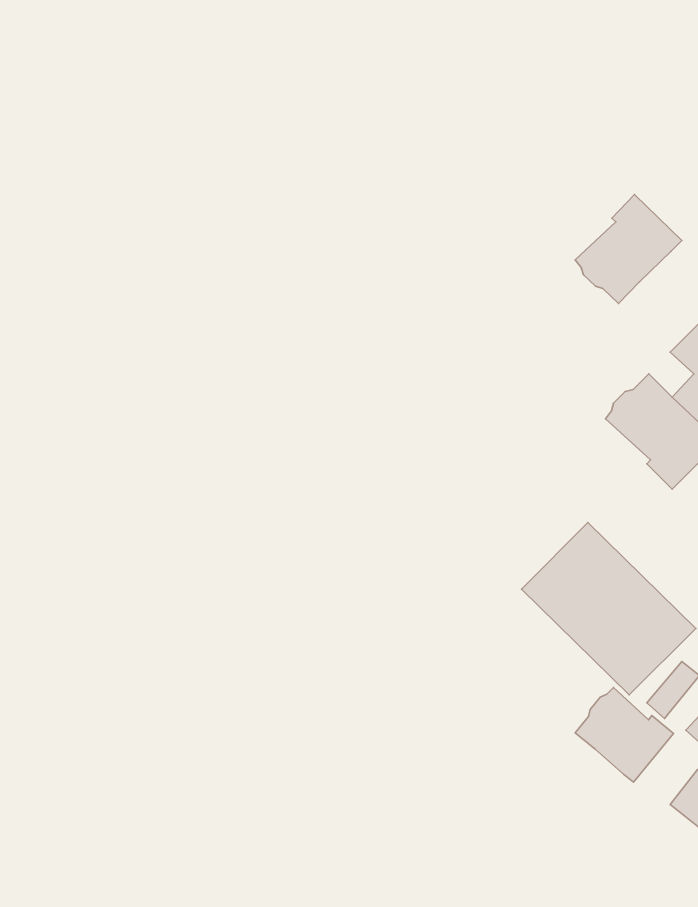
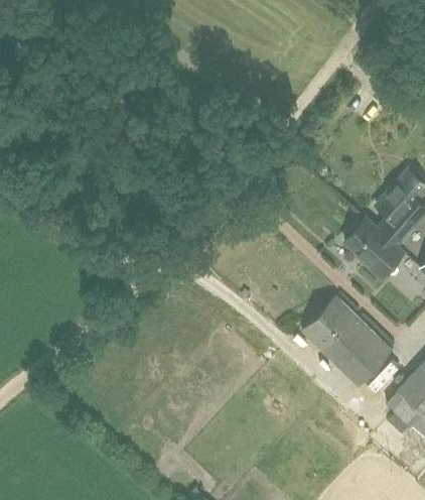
building: [575,195,682,304] -> none
building: [575,688,673,782] -> none

